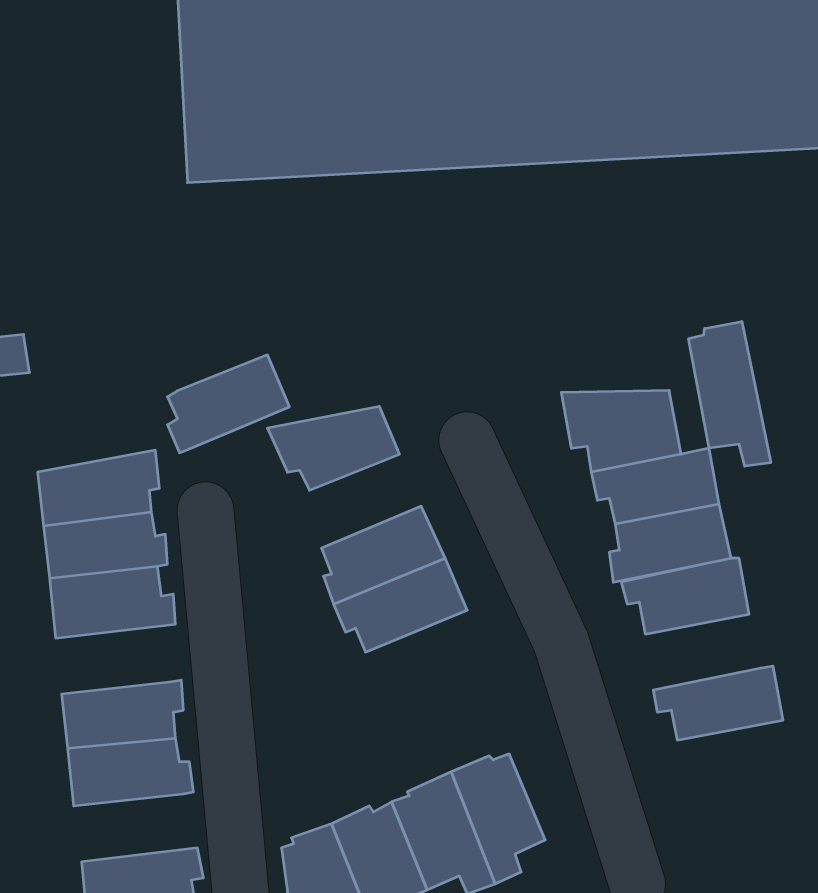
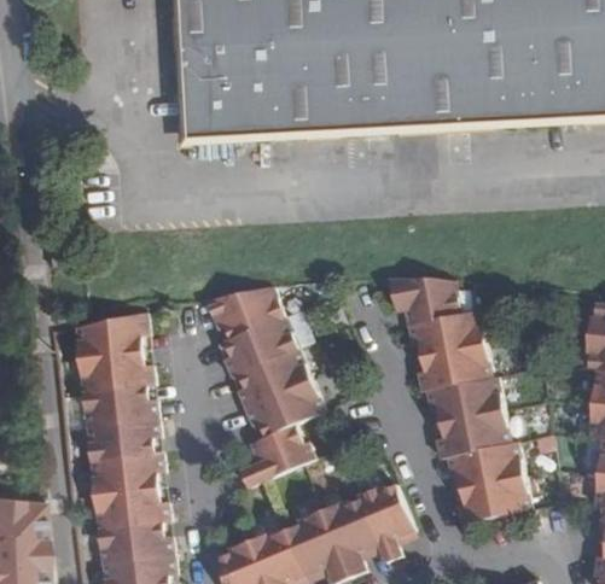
building: [689,321,771,466] -> none
building: [167,355,289,453] -> [233,311,307,370]
building: none -> [437,408,512,455]
building: none -> [86,414,161,456]
building: none -> [235,425,310,485]
building: none -> [458,472,533,520]
building: none -> [359,478,418,556]
building: none -> [97,516,171,557]

